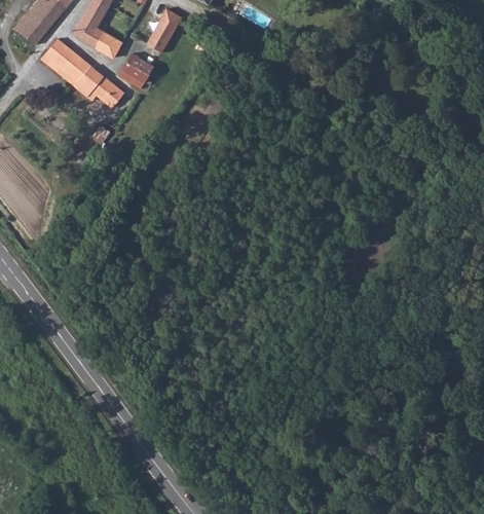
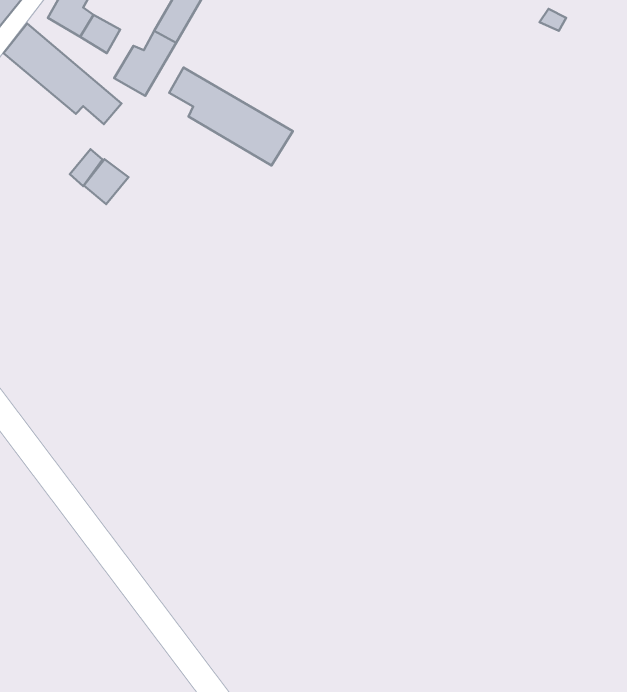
building: none -> [169,67,293,166]
building: none -> [84,159,129,204]

